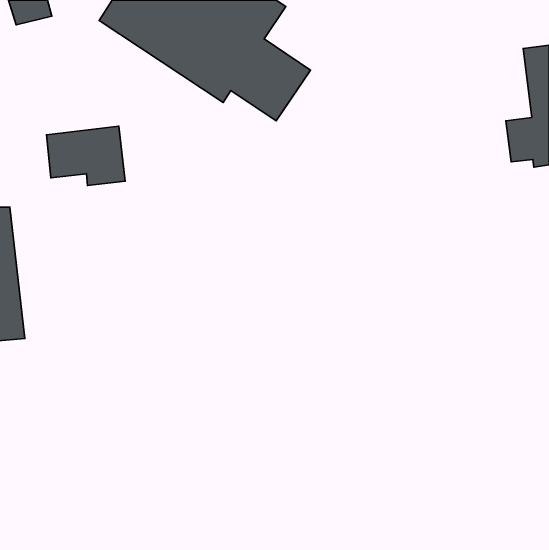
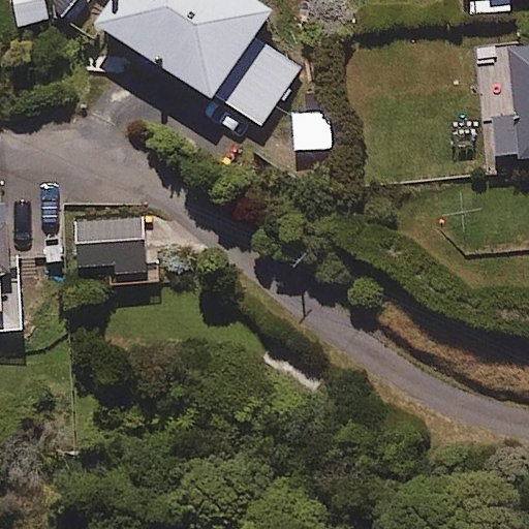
building: [47,126,125,186] -> [75,216,151,273]

